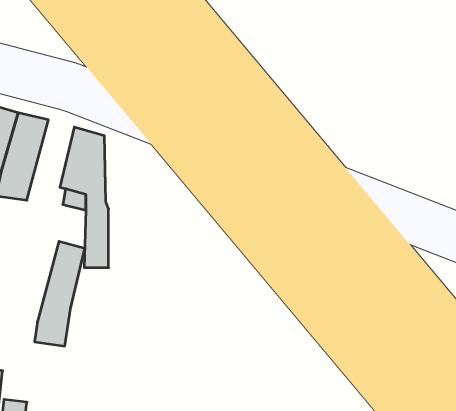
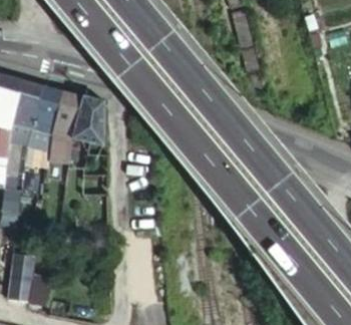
building: [35,241,85,346] -> [47,89,82,162]

